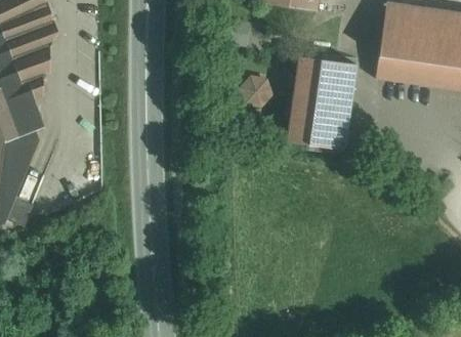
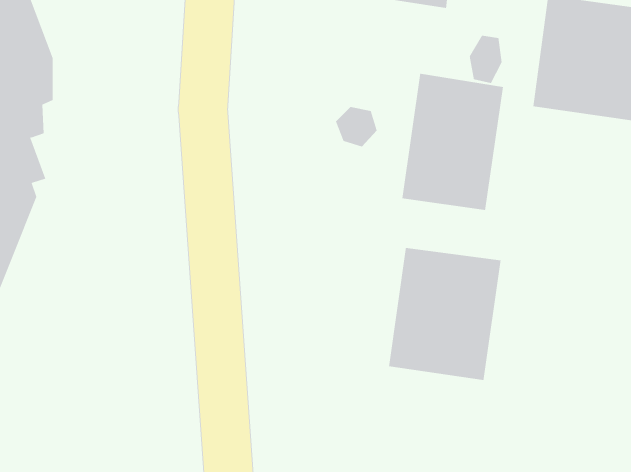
building: none -> [469,35,502,84]
building: none -> [388,247,501,381]

